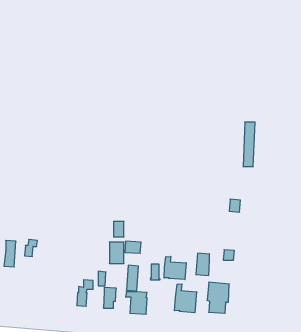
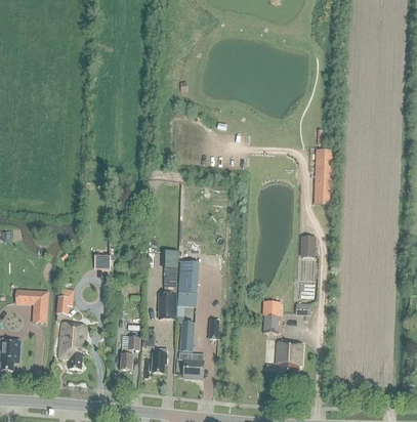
building: none -> [177,261,198,293]
building: [164,256,186,280] -> none
building: none -> [57,321,85,369]
building: [175,284,197,313] -> none

